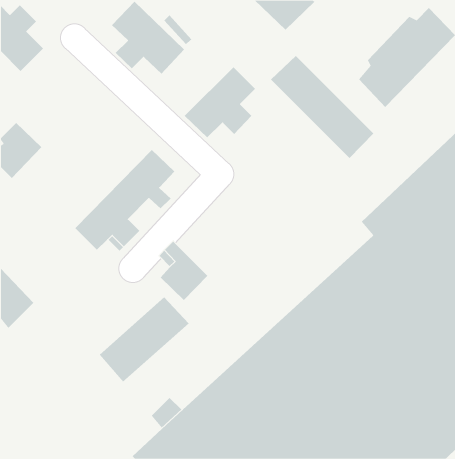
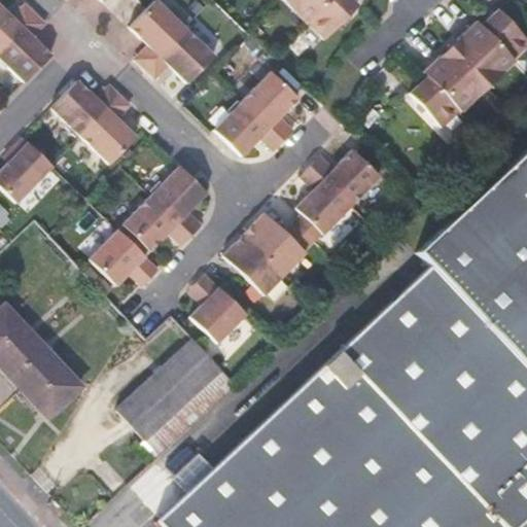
building: [270,55,374,159] -> none
building: none -> [54,81,137,164]
building: none -> [221,151,378,296]
building: none -> [13,347,81,415]

